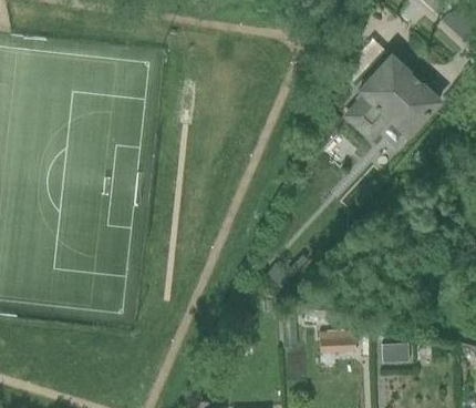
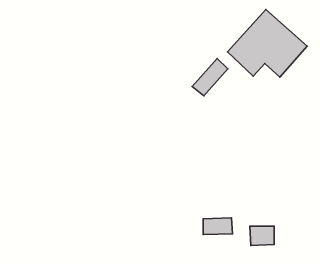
building: none -> [192,59,228,96]

